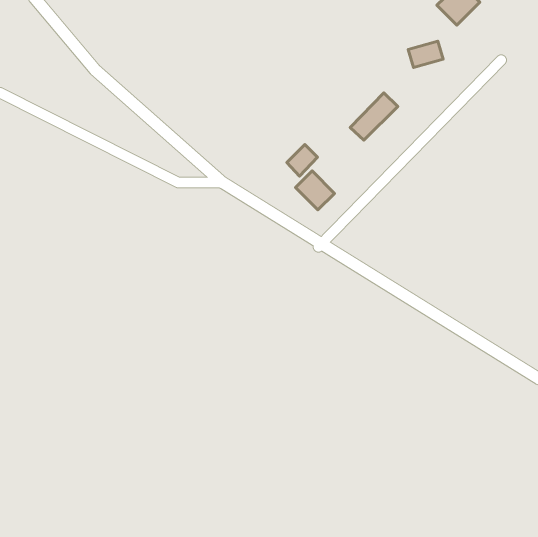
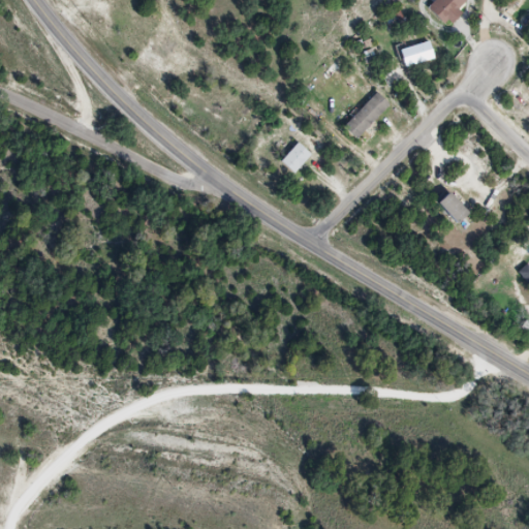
building: [295,171,335,210] -> none
building: none -> [439,191,470,222]

